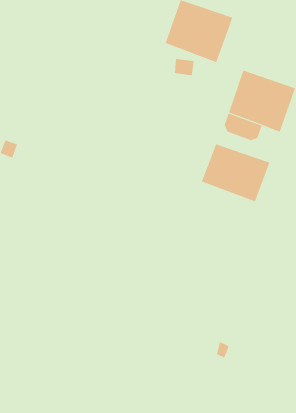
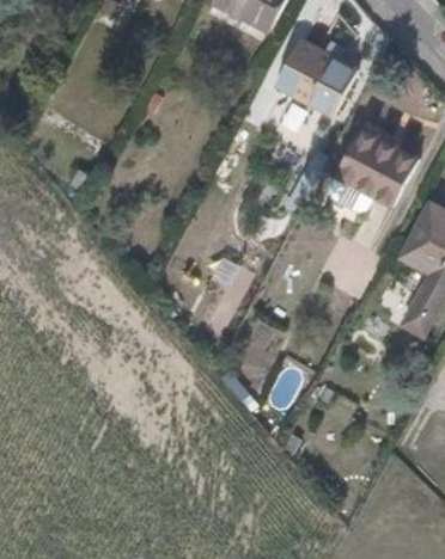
building: [201,143,270,202] -> none

